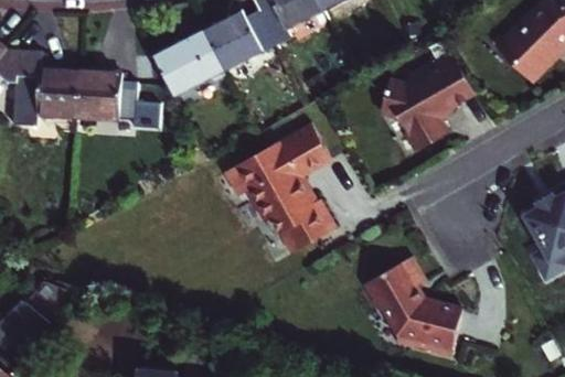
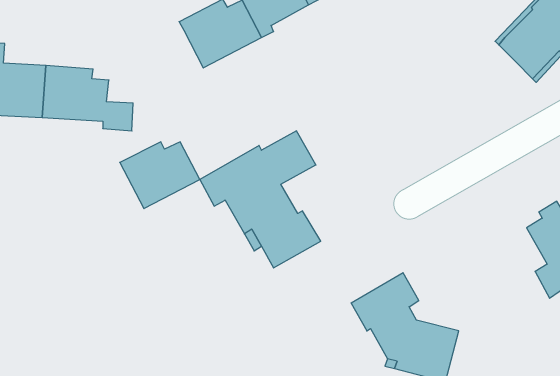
building: [154,37,227,98] -> [120,142,200,209]
building: [379,54,475,153] -> none

